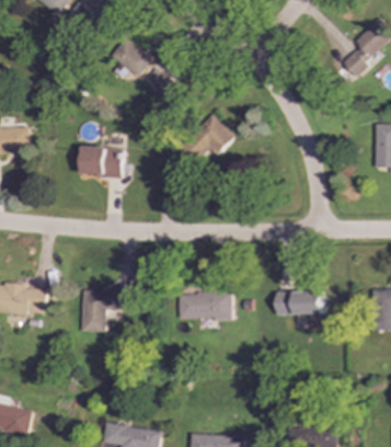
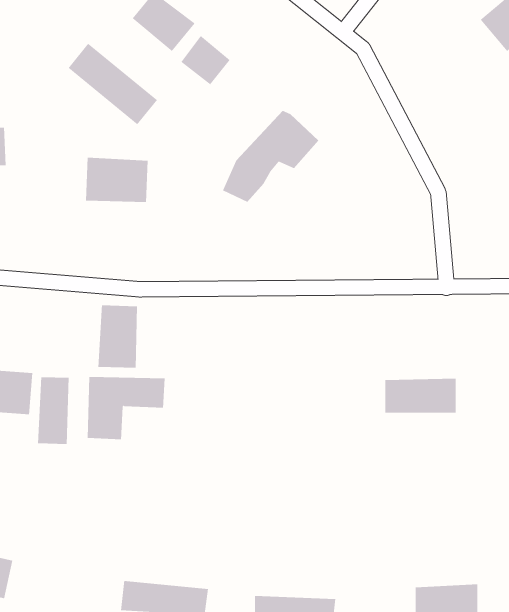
building: none -> [68,43,158,125]
building: none -> [98,305,137,368]
building: [177,290,231,321] -> none
building: none -> [38,376,69,445]

